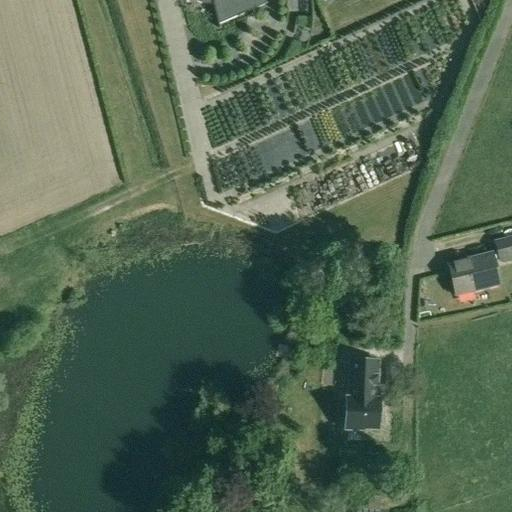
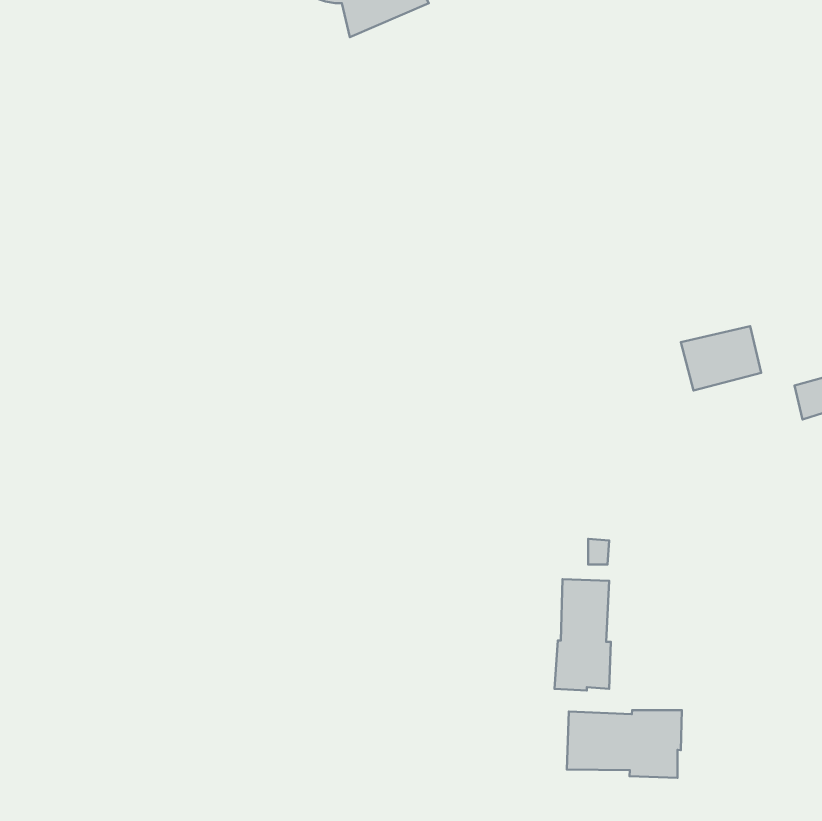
building: [449,253,499,293] -> [681,326,761,391]
building: none -> [567,710,682,778]

